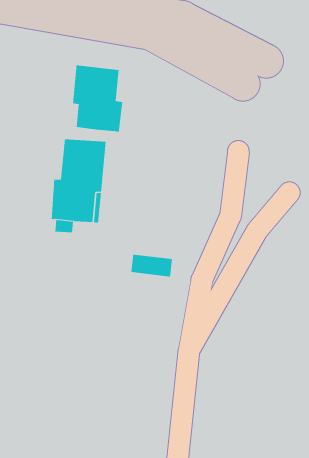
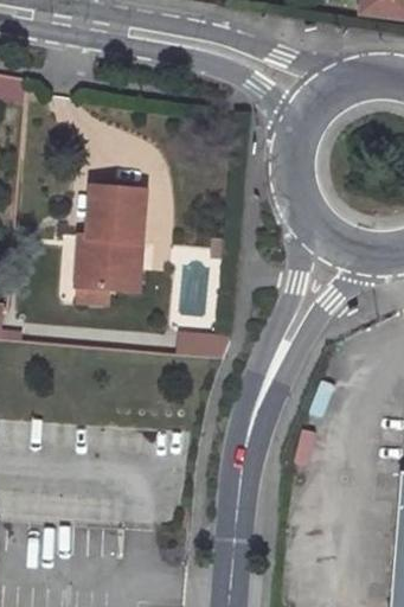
building: [72,65,123,133] -> none

